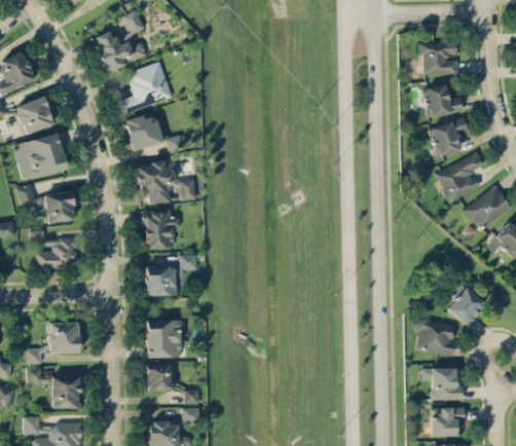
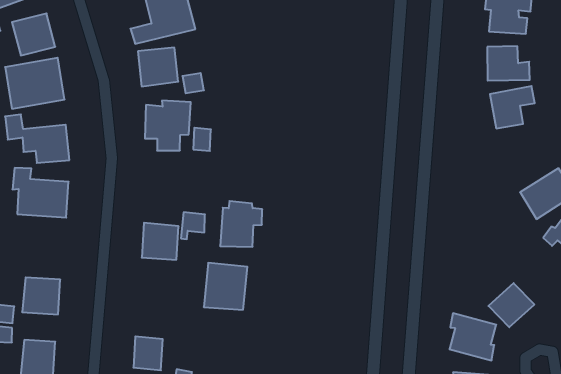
building: [435,153,484,201] -> none
building: [145,211,180,250] -> [220,201,262,247]
building: [147,320,181,358] -> [204,263,247,310]

